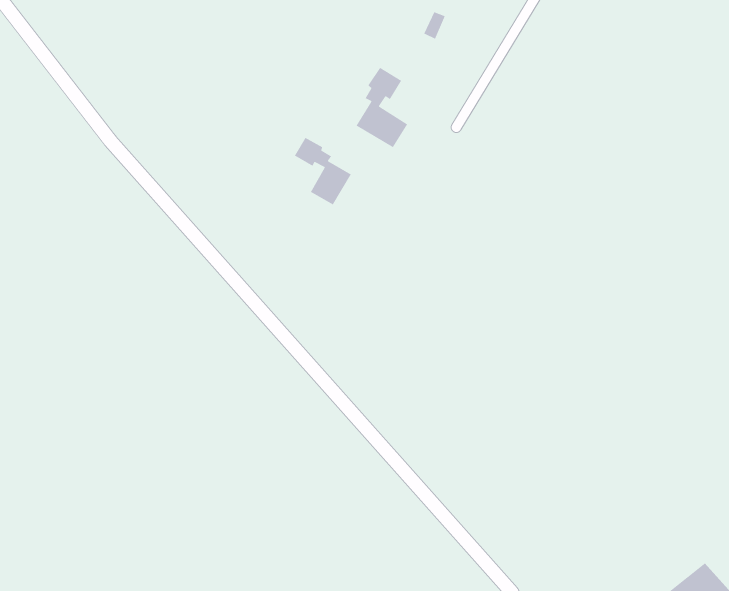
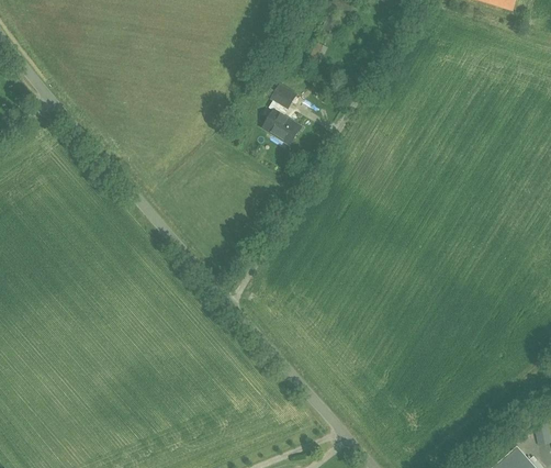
building: [294,137,352,206] -> none

